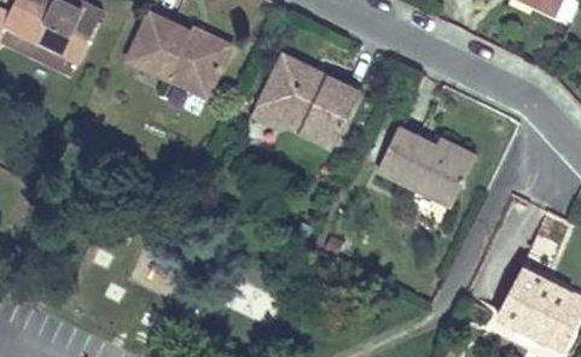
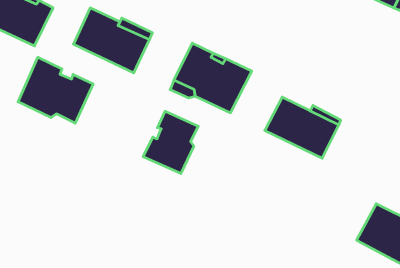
building: none -> [18,57,93,123]
building: none -> [143,111,198,174]

